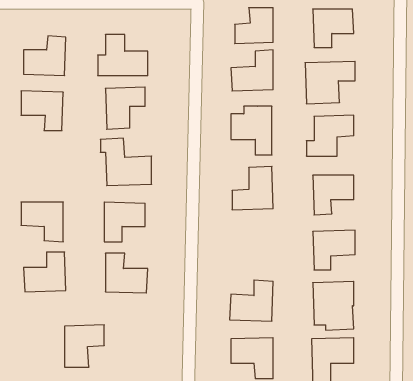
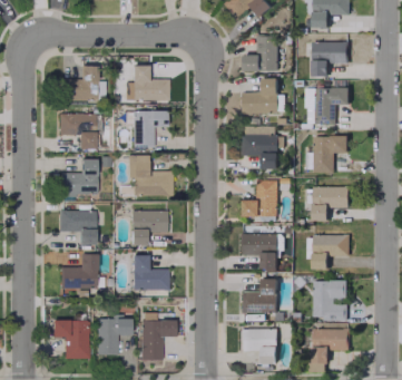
building: none -> [60,158,97,196]
building: none -> [243,234,278,272]
building: none -> [141,313,176,360]
building: none -> [53,320,88,359]

